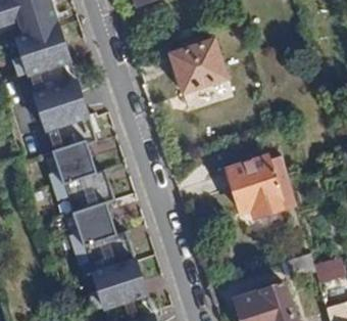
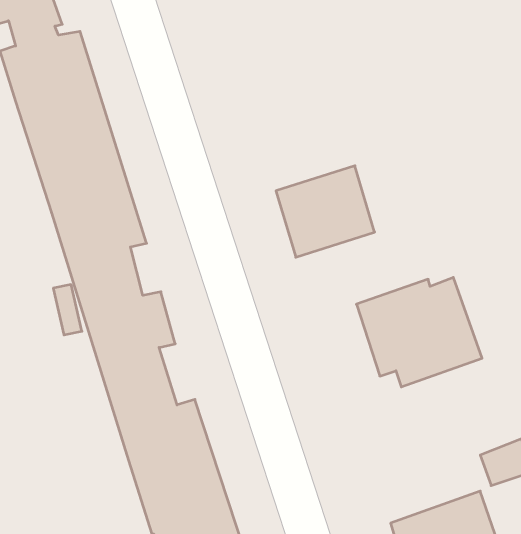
building: [165,36,221,88] -> [276,166,375,257]

